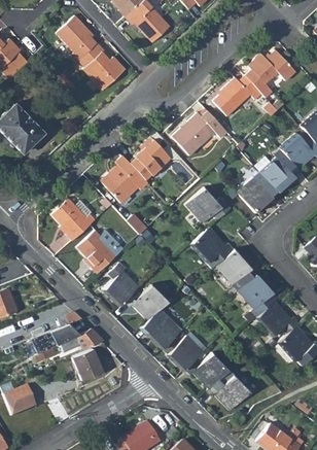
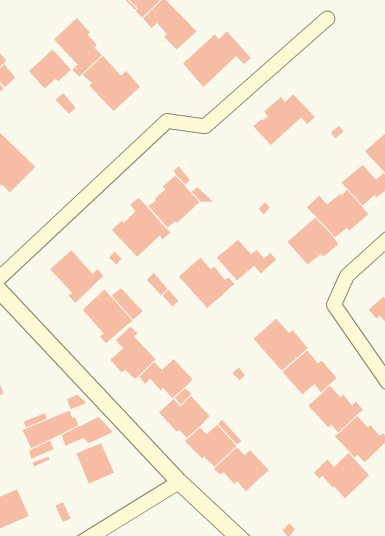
building: none -> [28,49,72,89]
building: [244,48,294,97] -> none
building: [171,110,225,155] -> [182,31,252,88]
building: [188,227,234,268] -> [178,257,236,309]
building: [203,375,247,412] -> [313,452,370,499]

